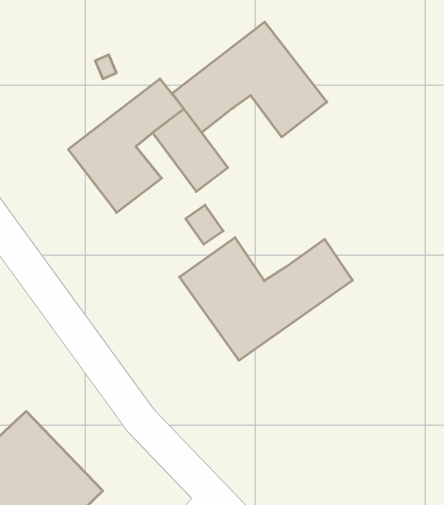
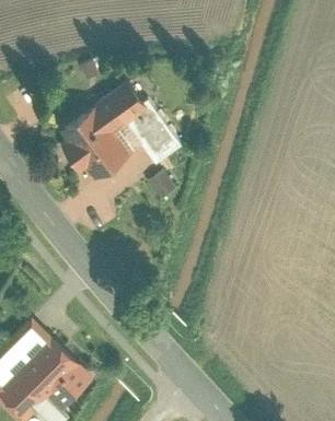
building: [172,22,327,137] -> none
building: [179,237,353,360] -> none

